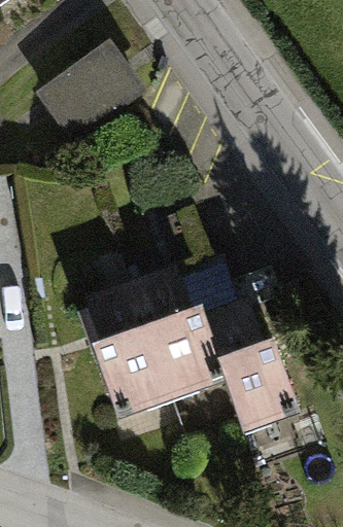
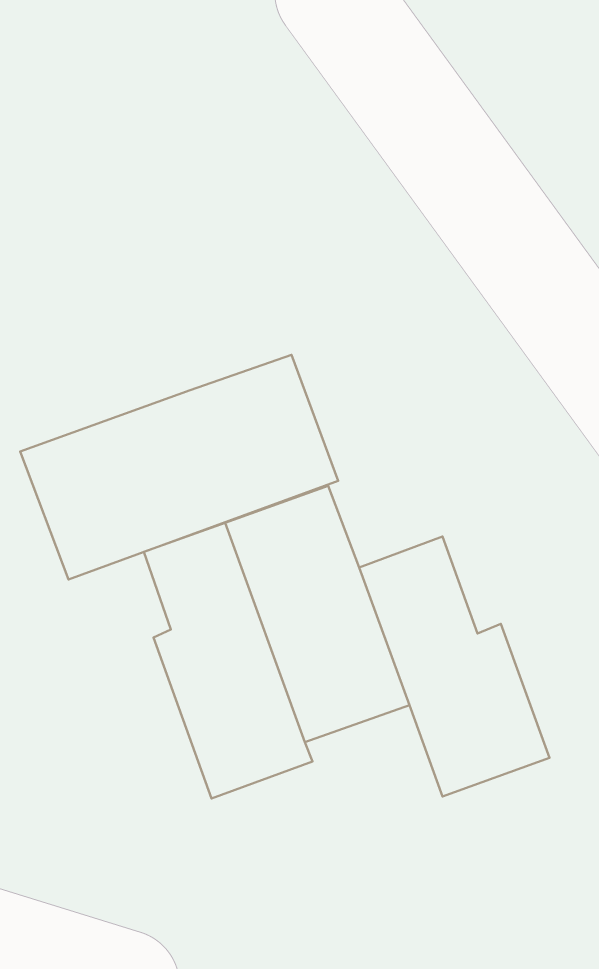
building: [37,40,150,148] -> none
building: none -> [20,355,338,579]

